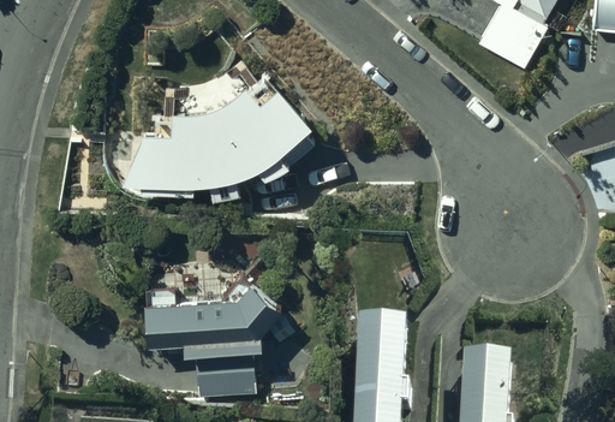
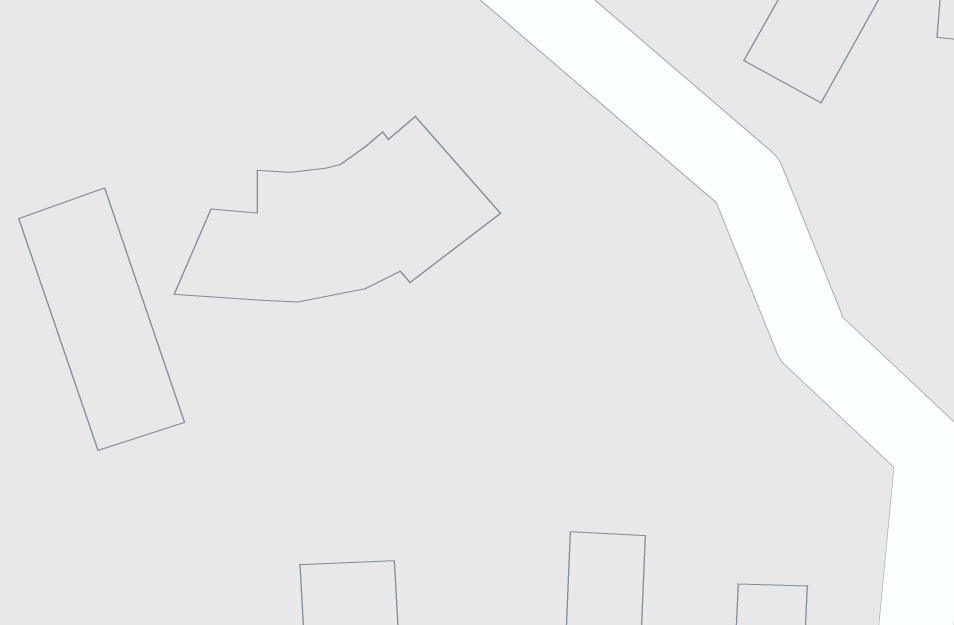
building: none -> [19,188,184,451]
building: [141,283,280,347] -> none

